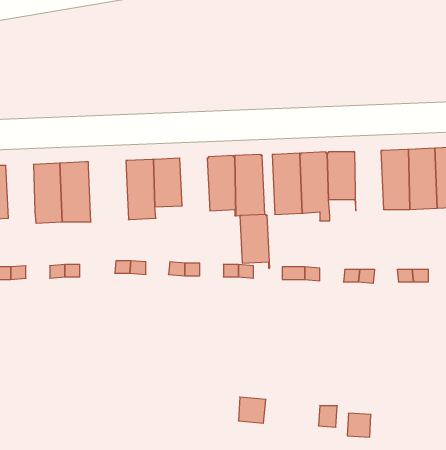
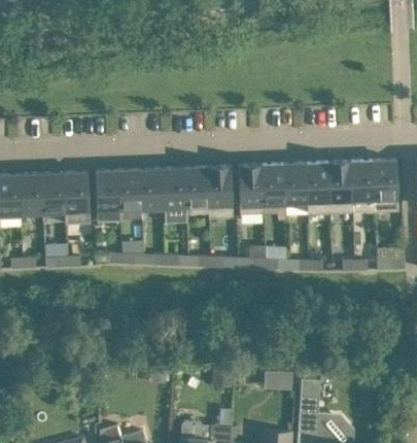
building: none -> [307,162,331,211]
building: none -> [96,170,120,219]
building: none -> [20,173,43,217]
building: [240,214,270,268] -> [163,167,187,211]

